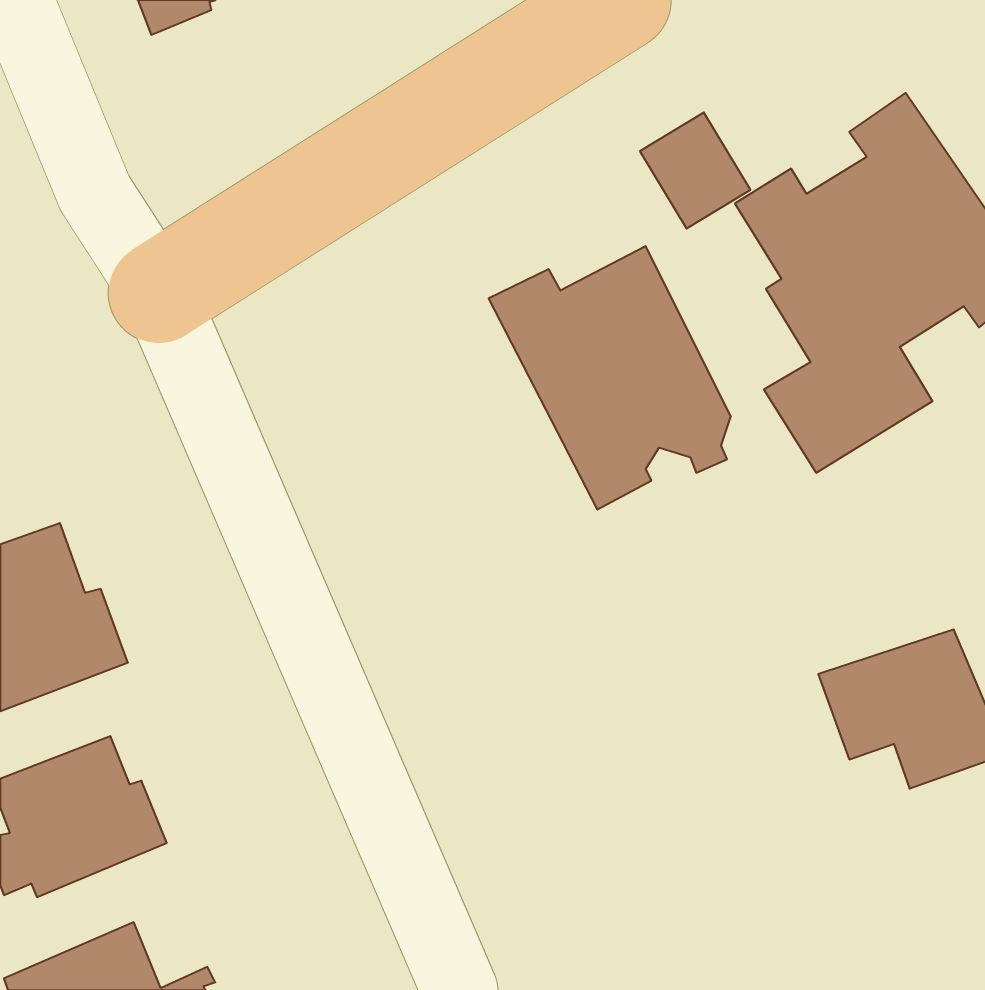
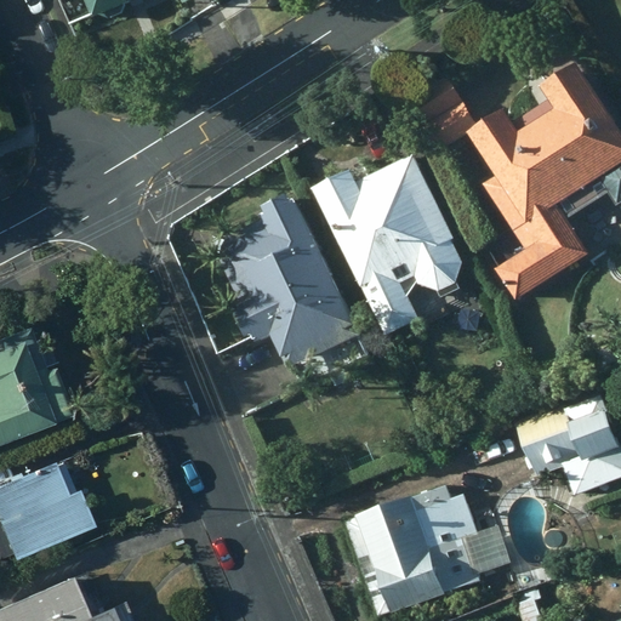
building: none -> [216,192,366,386]
building: none -> [343,484,488,615]

